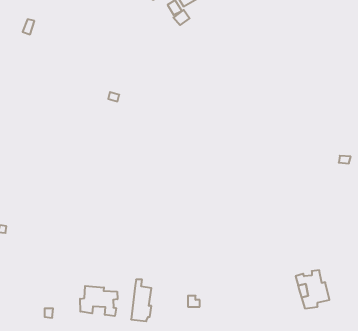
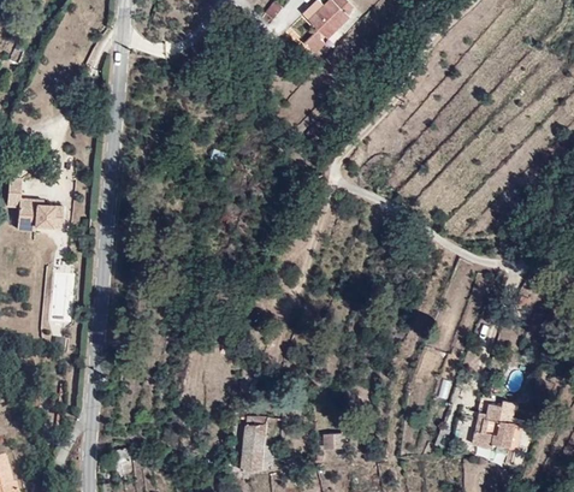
building: [80,286,117,316] -> none

